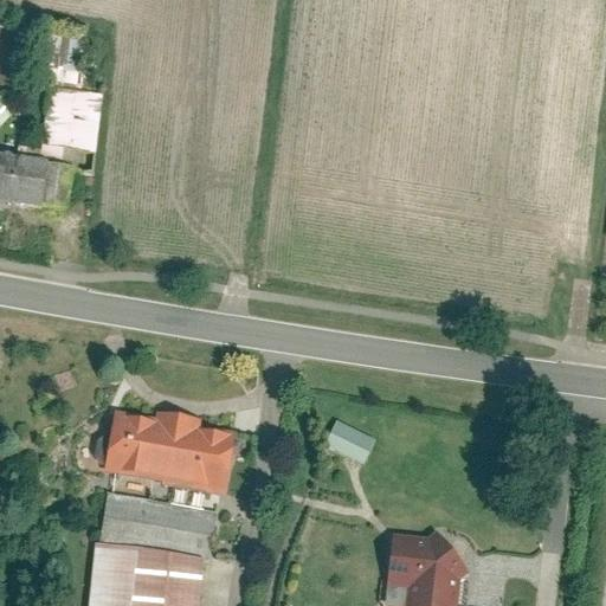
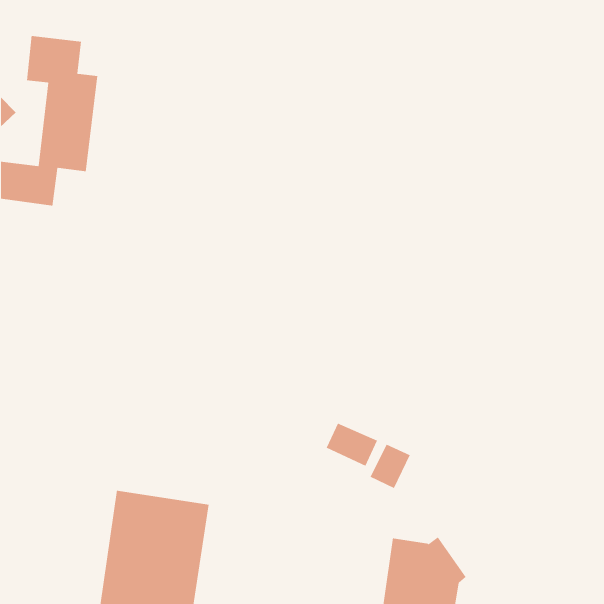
building: [105,415,224,479] -> none
building: none -> [370,444,410,489]

